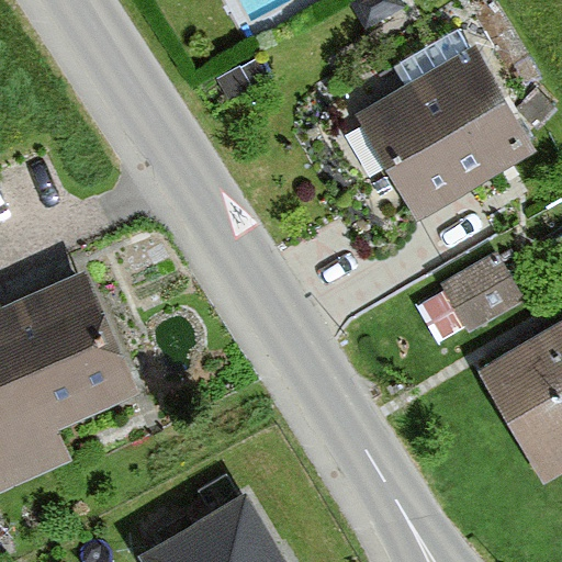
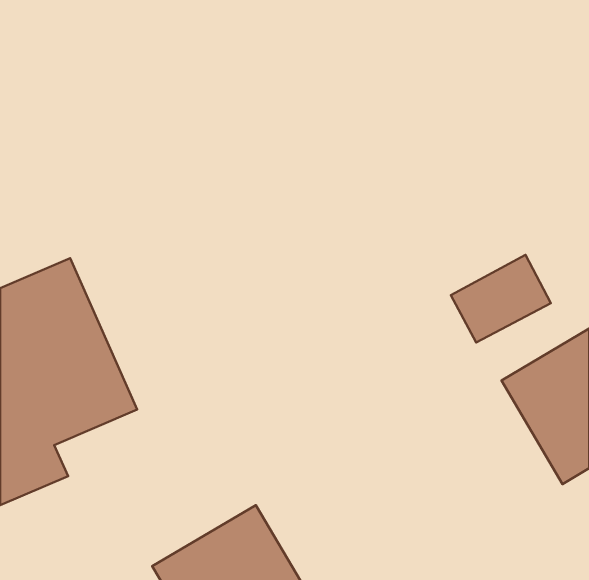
building: [359,53,535,221] -> none

